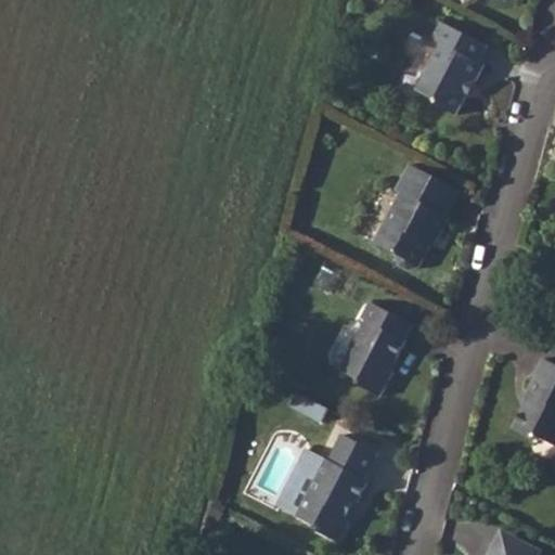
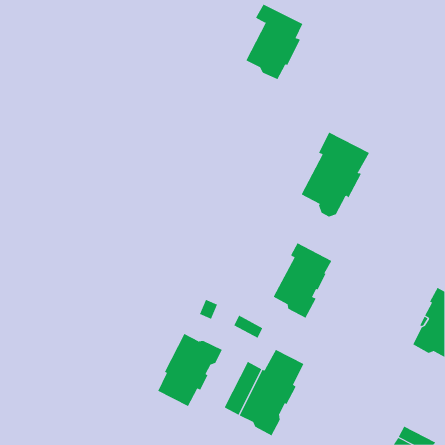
building: [415,20,487,114] -> [246,4,303,80]
building: none -> [157,333,222,407]

